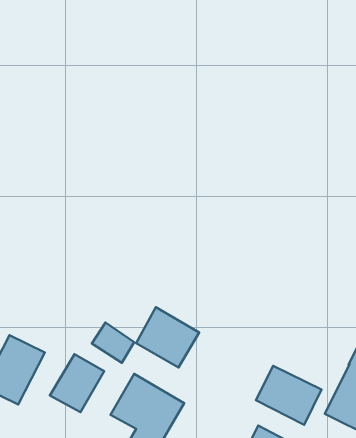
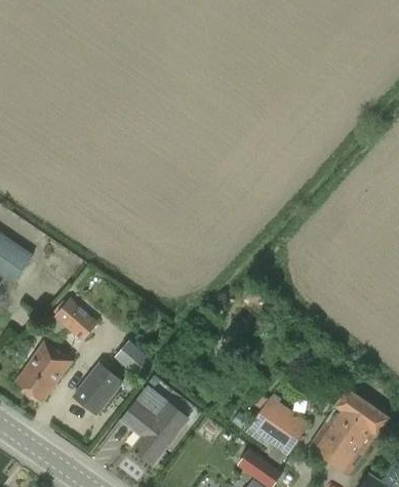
building: none -> [56,300,96,340]
building: [136,307,199,368] -> none

